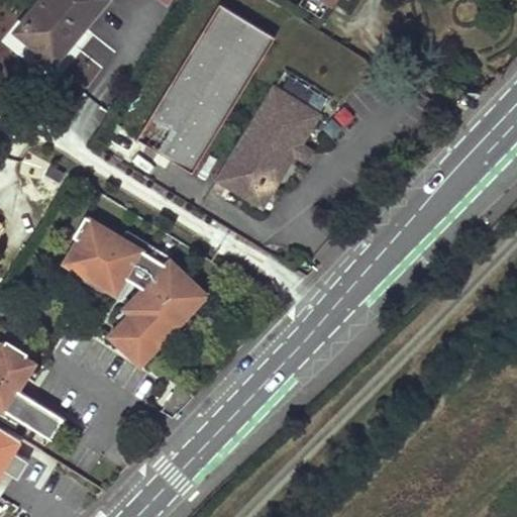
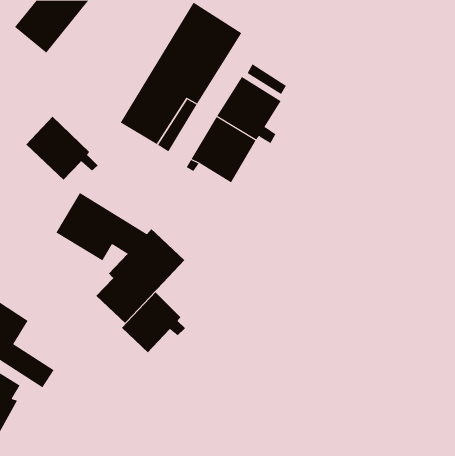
building: none -> [26,116,99,181]
building: none -> [121,292,186,353]

